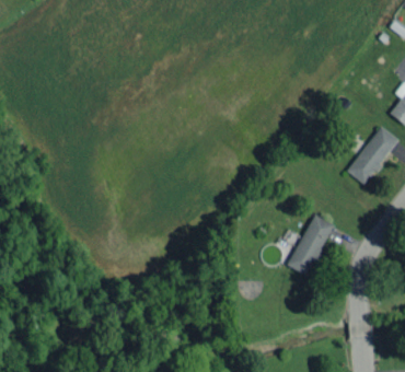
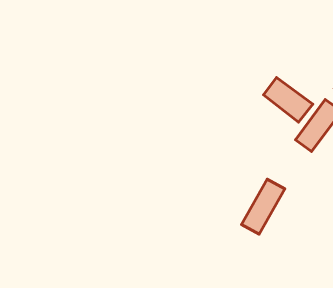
building: none -> [263,77,313,122]

